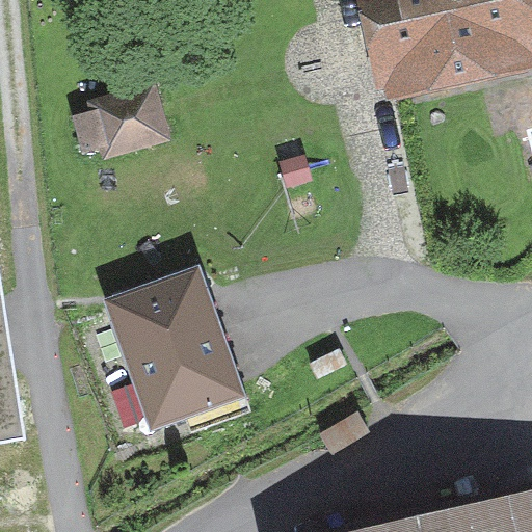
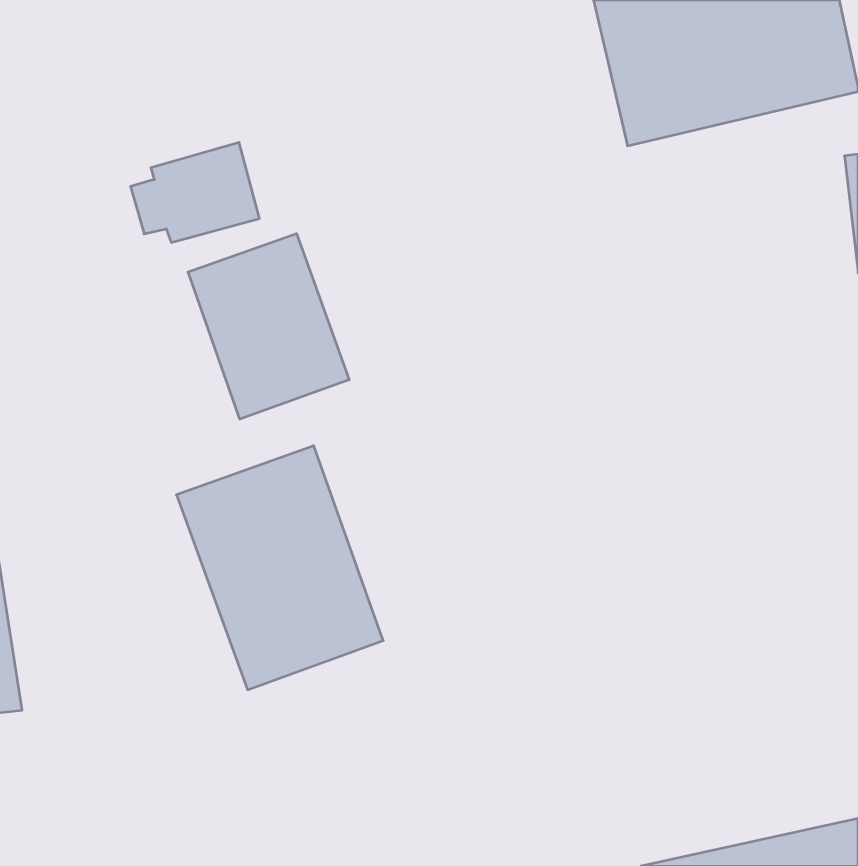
building: none -> [188,234,349,419]

